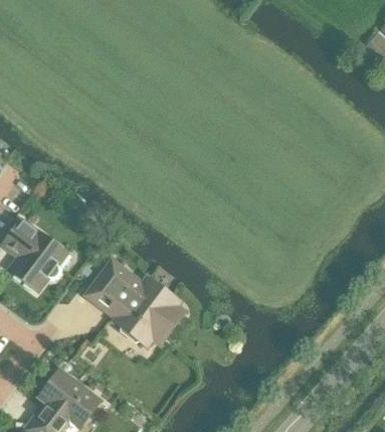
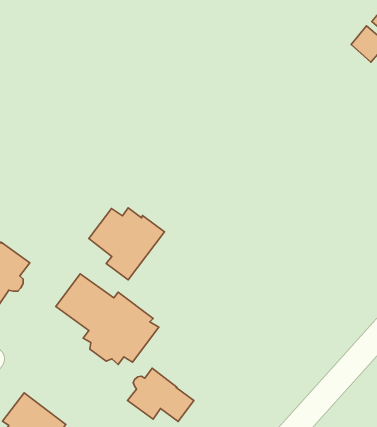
building: none -> [89,208,164,280]
building: none -> [128,368,194,422]

